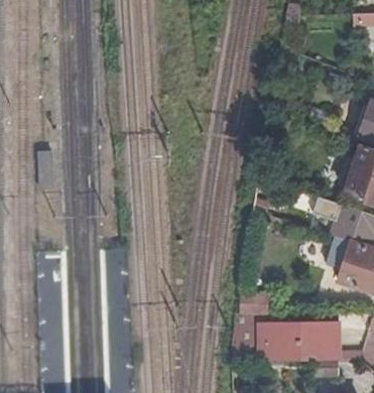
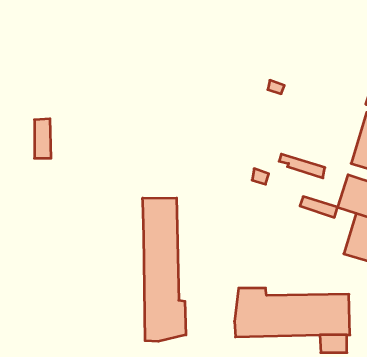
building: none -> [143,198,186,341]

